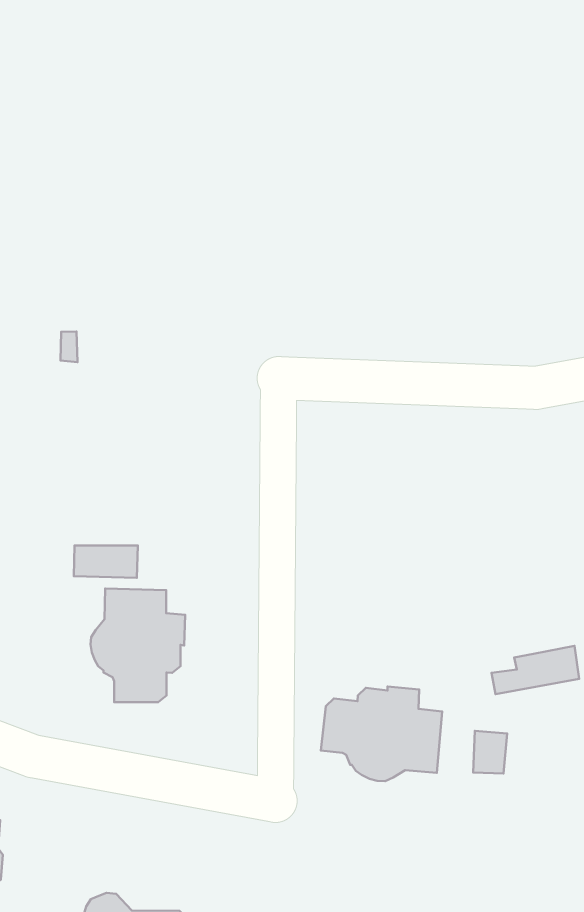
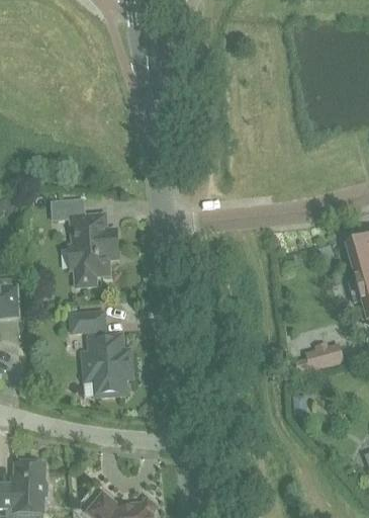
building: none -> [68,211,117,283]
building: [321,687,442,781] -> none

